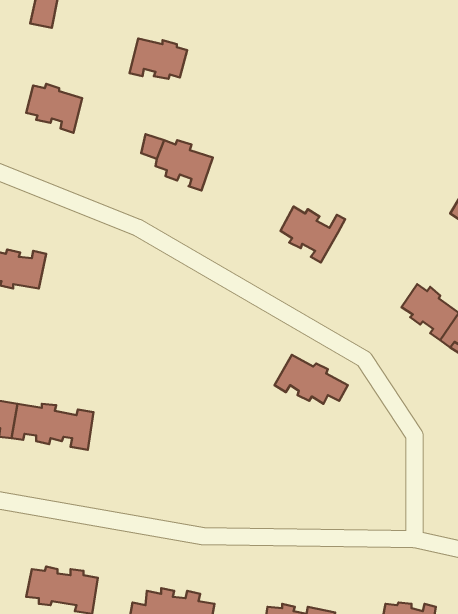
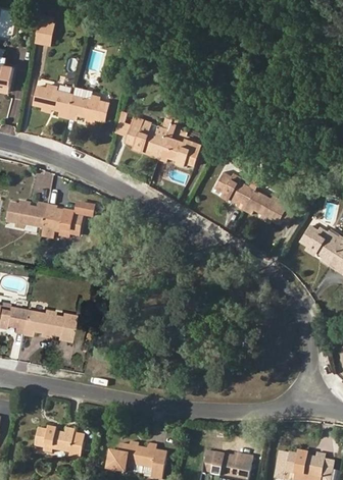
building: [130,39,187,79] -> [66,94,107,122]
building: none -> [157,136,199,166]
building: none -> [42,204,82,237]
building: [274,355,348,404] -> [242,189,294,223]

